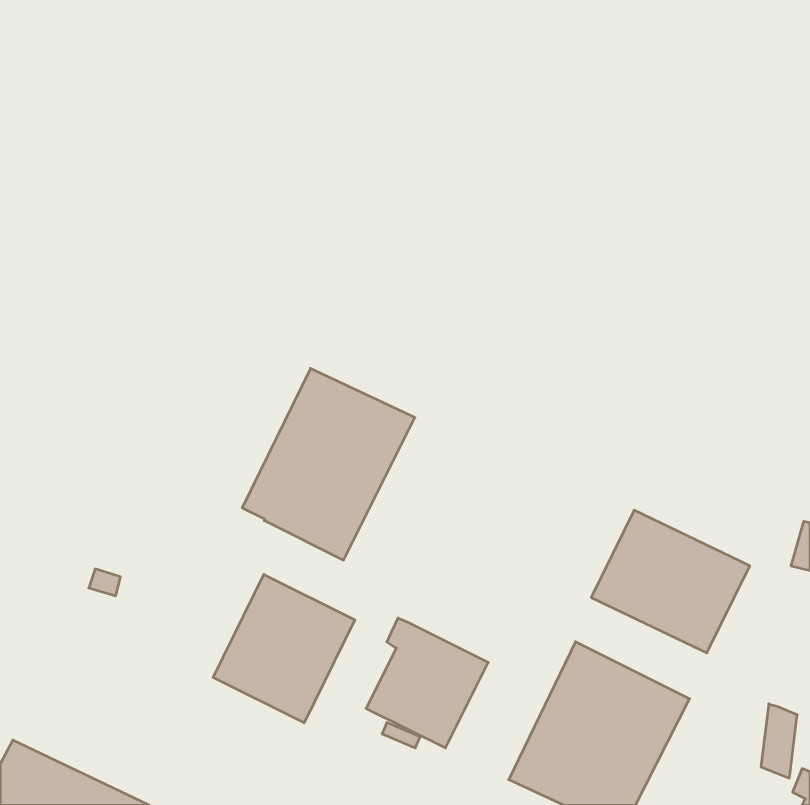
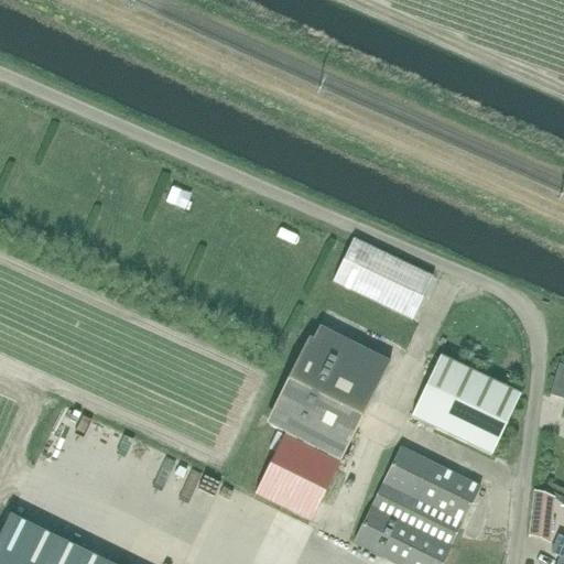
building: none -> [332,237,433,318]
building: [242,368,415,560] -> [269,327,389,460]
building: [213,574,355,723] -> none

